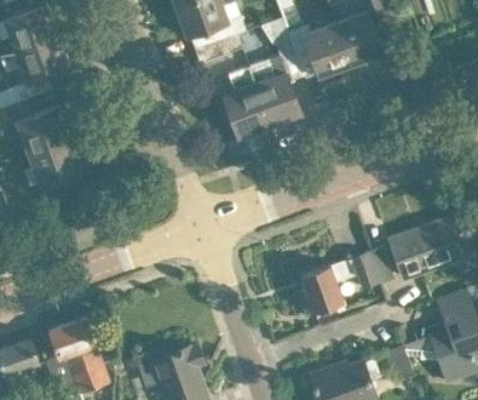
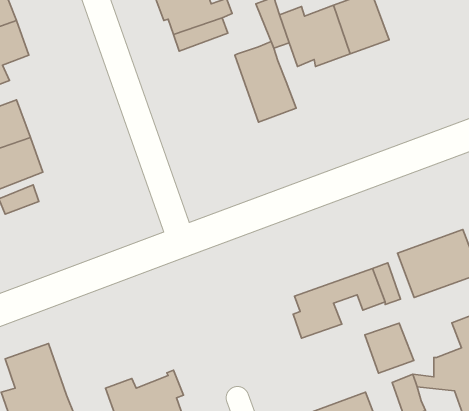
building: [223,68,269,137] -> none
building: none -> [365,323,414,373]

